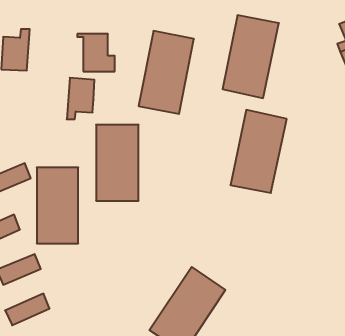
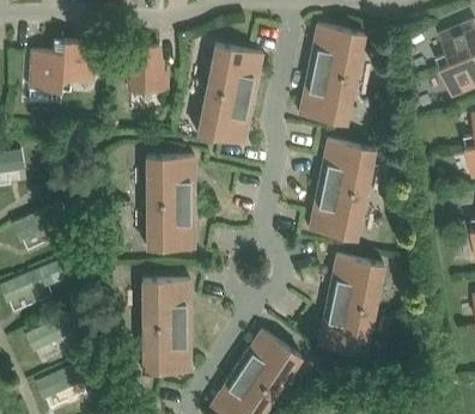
building: [67,78,94,119] -> [61,41,95,91]
building: [37,167,78,243] -> [141,280,191,372]
building: none -> [317,255,385,354]

